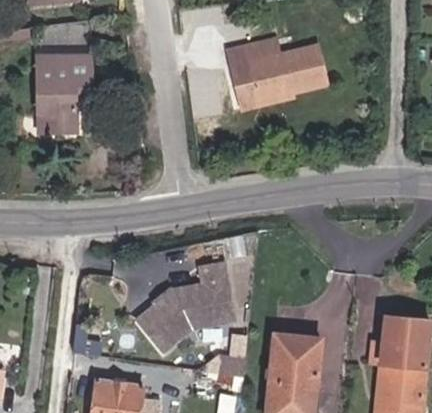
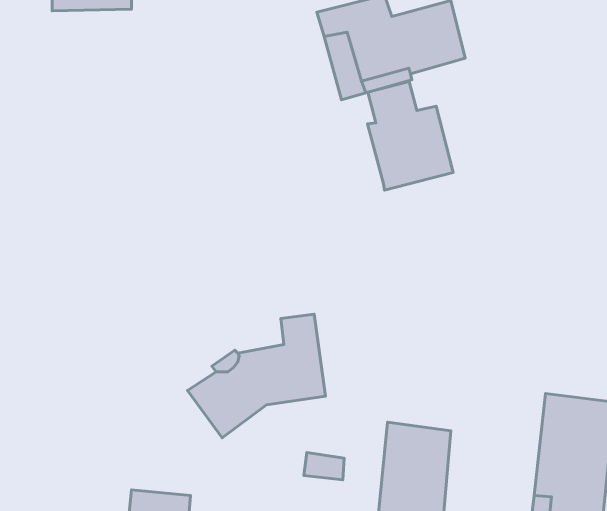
building: [41,57,96,135] -> none
building: none -> [368,81,453,190]

